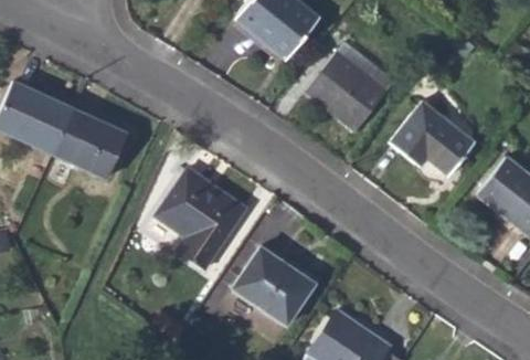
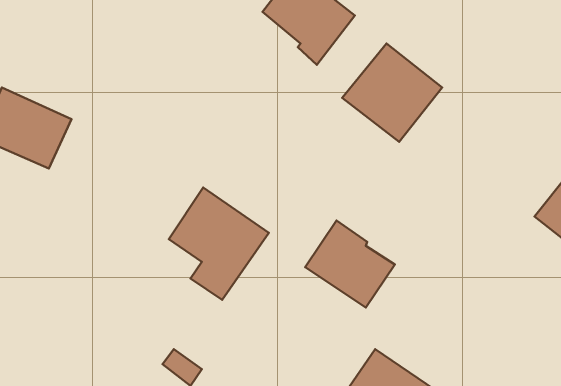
building: [390,103,475,176] -> none
building: [52,109,125,178] -> none
building: [233,247,311,324] -> [305,220,395,308]

